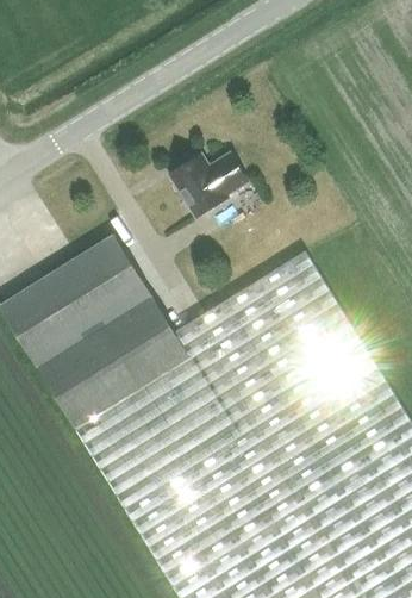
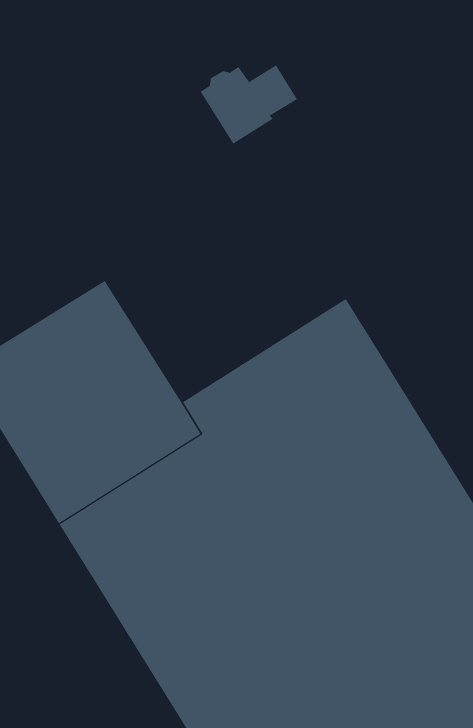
building: [170,155,248,218] -> [200,65,298,145]

